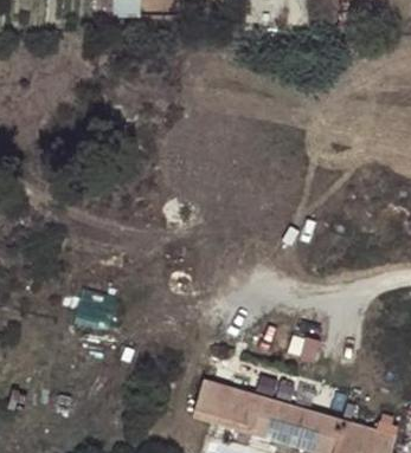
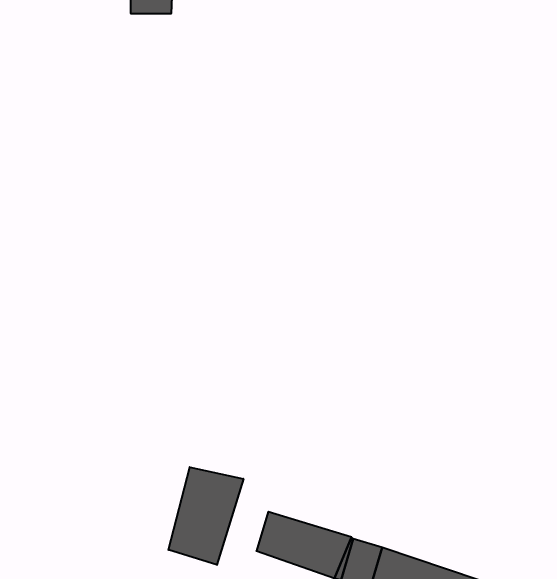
building: none -> [168,467,243,565]

